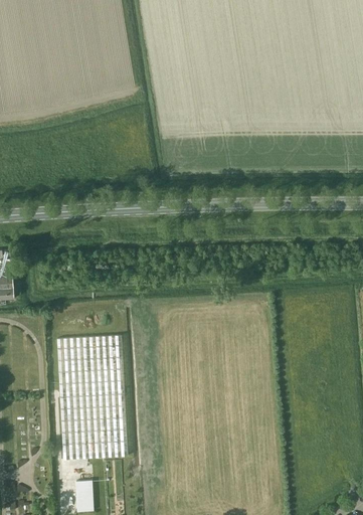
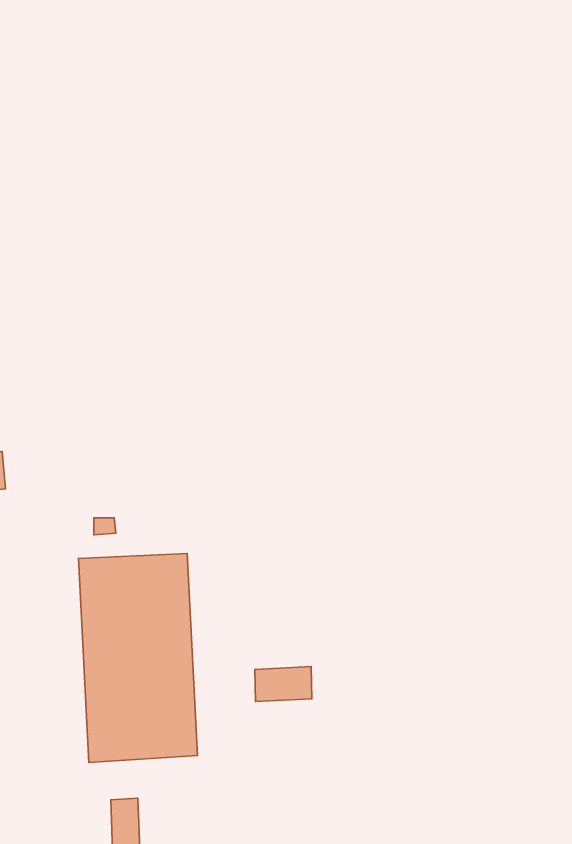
building: none -> [255,667,312,702]

